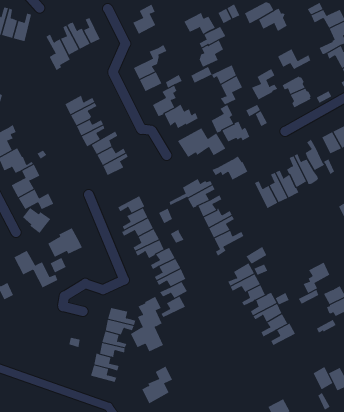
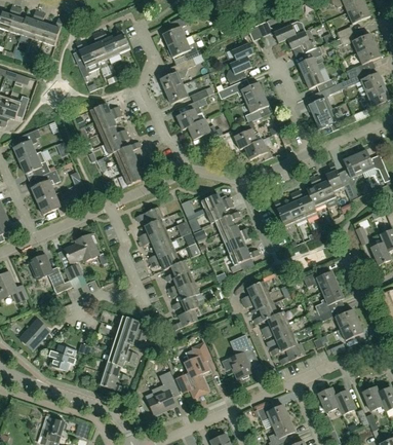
building: [184,12,216,35] -> [167,38,199,61]
building: [251,69,278,100] -> [298,46,324,77]
building: [177,127,226,158] -> none
building: [212,155,248,183] -> none
building: [22,207,51,234] -> none
building: none -> [303,267,338,292]
building: [130,296,164,352] -> [175,342,208,398]
building: none -> [18,319,49,349]
building: none -> [223,335,254,379]
building: none -> [48,344,76,371]
building: none -> [257,405,288,425]

